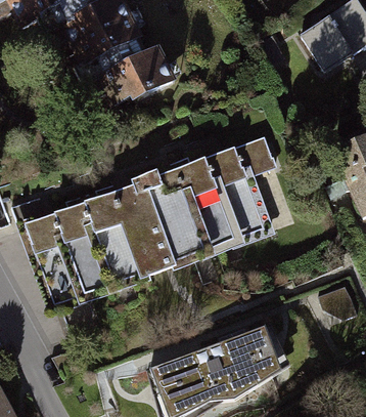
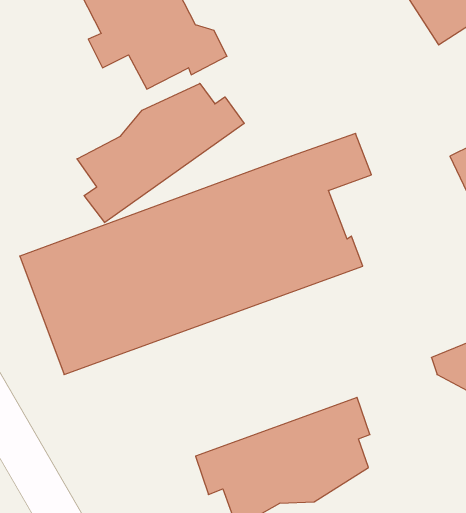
building: none -> [77,83,244,223]

